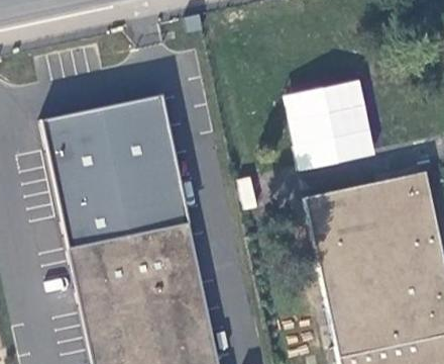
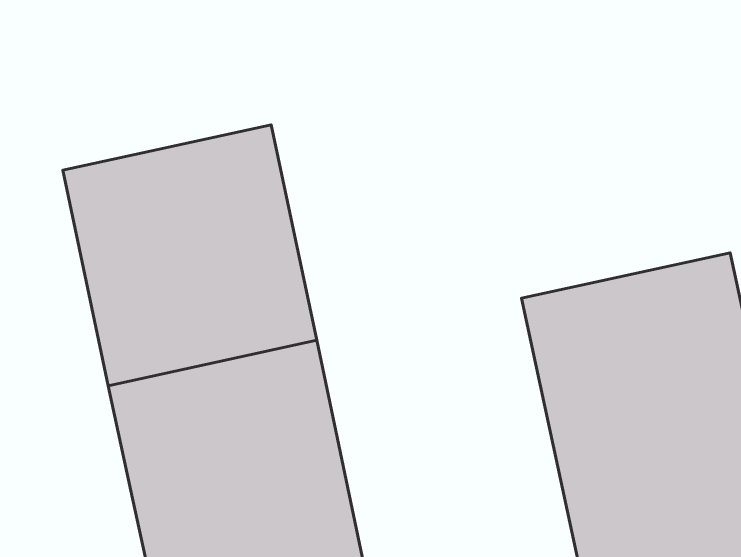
building: [286,79,377,169] -> none

